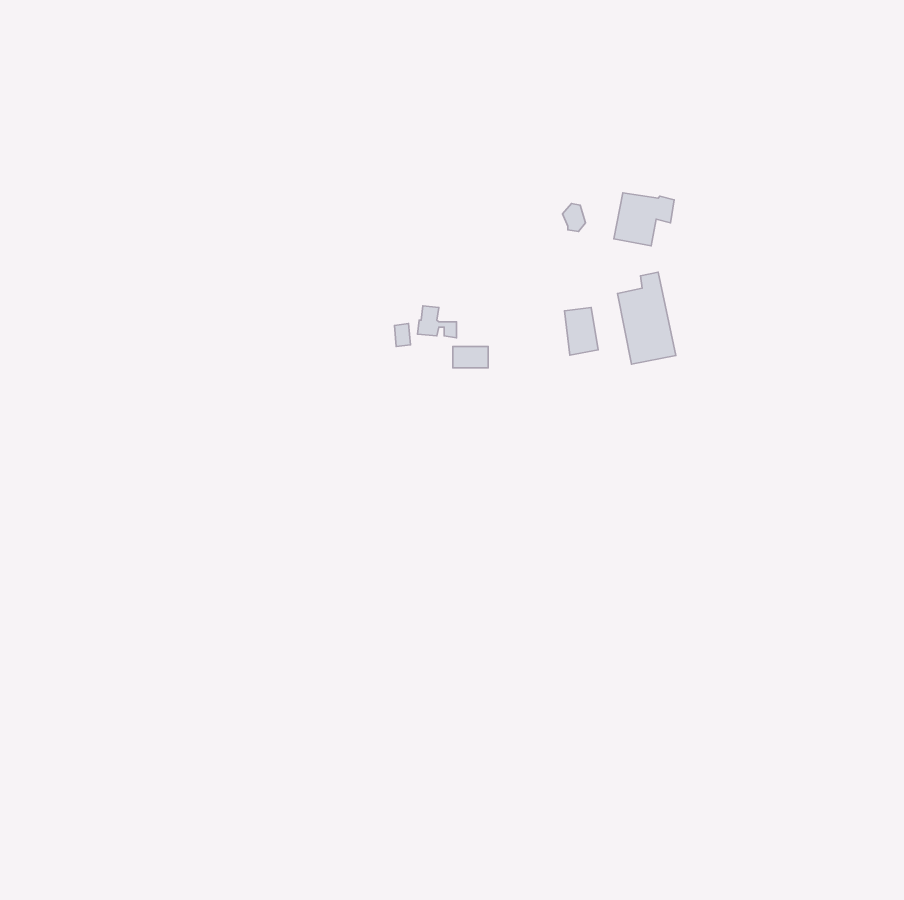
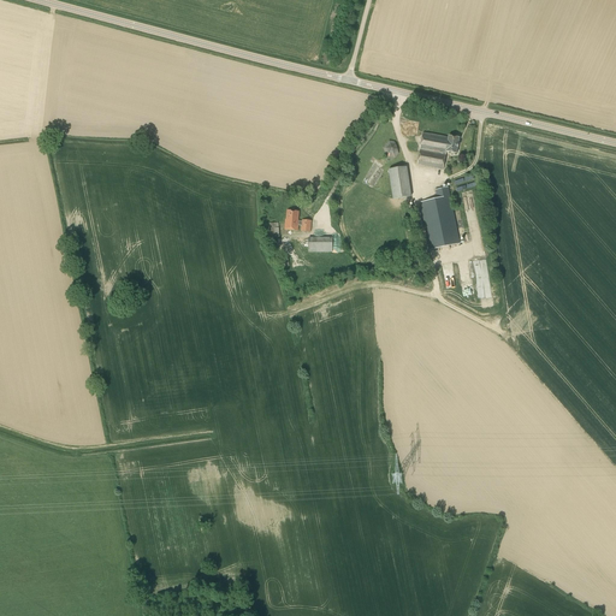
building: [565,307,598,355] -> [389,165,411,197]

